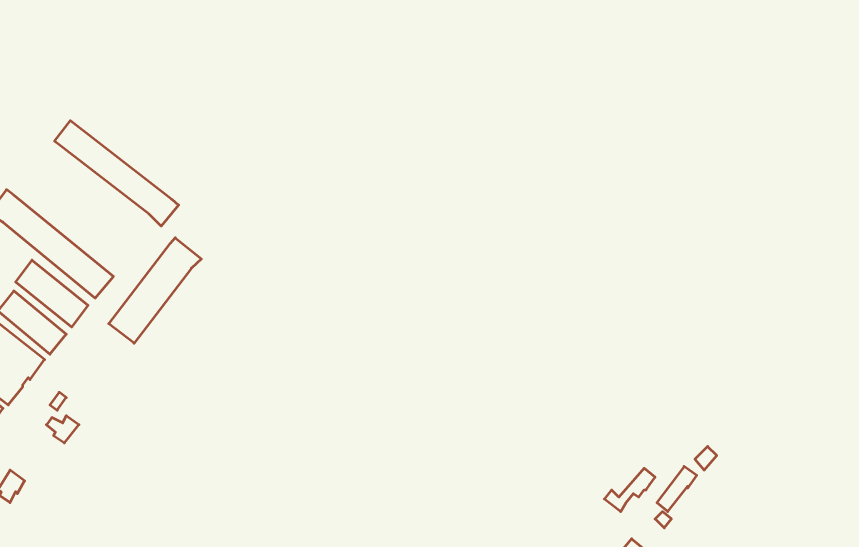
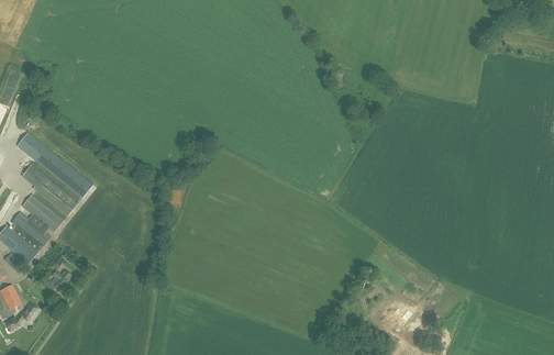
building: [55,121,179,226] -> none
building: [109,238,201,343] -> none

